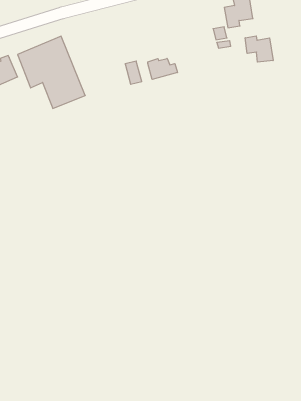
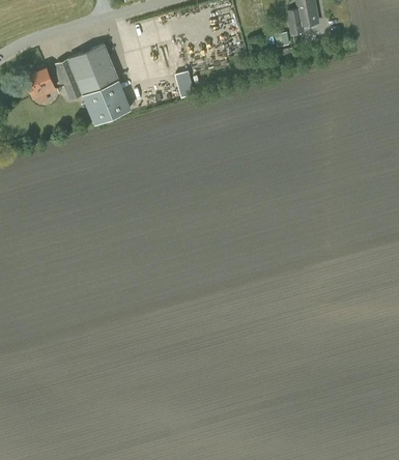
building: [245,36,273,62] -> none
building: [148,58,177,79] -> none

